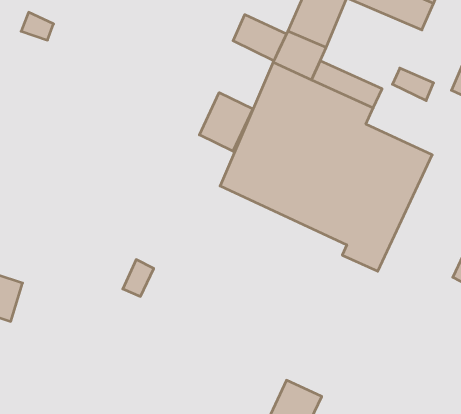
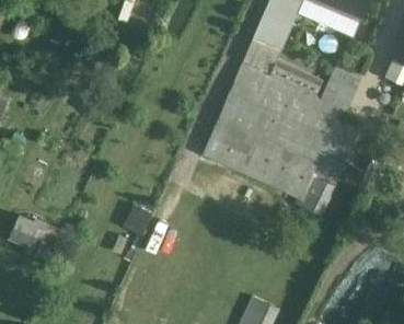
building: [233,15,286,61] -> none
building: none -> [322,78,356,111]
building: [199,93,253,151] -> none

